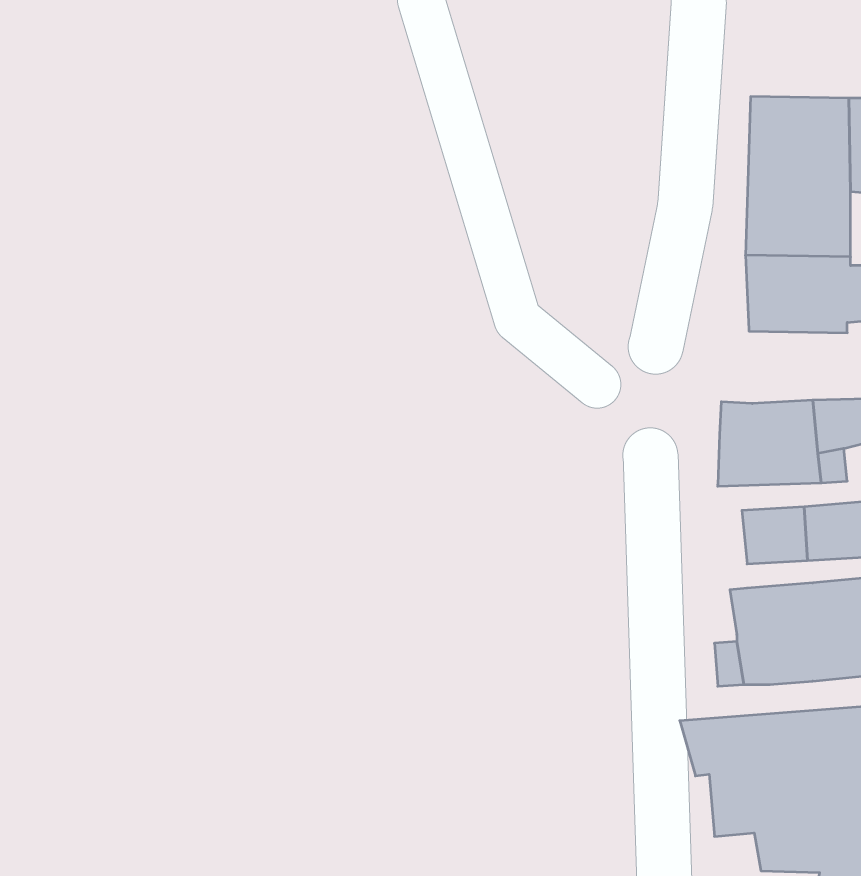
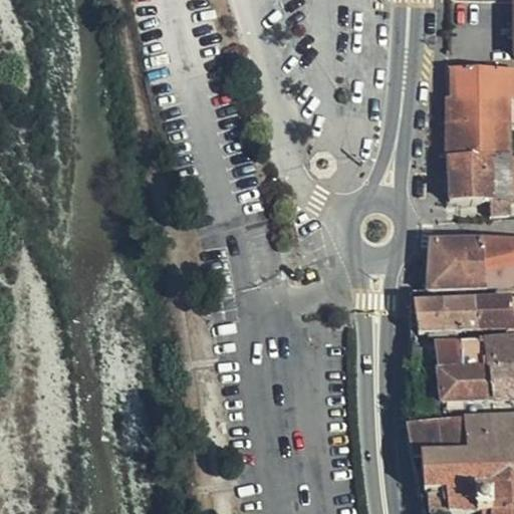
building: none -> [417,300,447,333]

